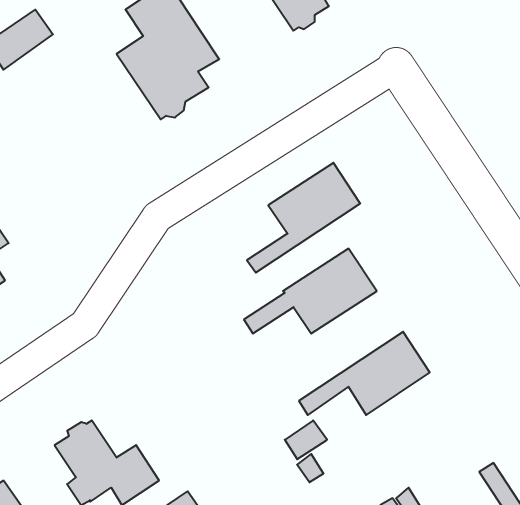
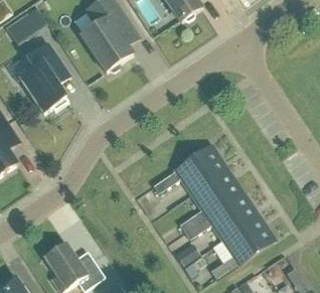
building: none -> [20,43,70,114]
building: [247,163,360,273] -> [179,170,244,233]
building: none -> [210,216,275,279]

